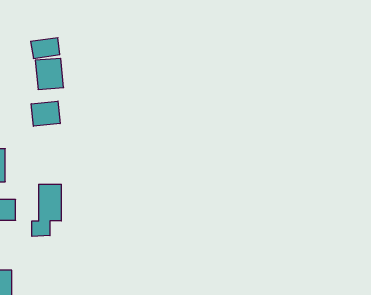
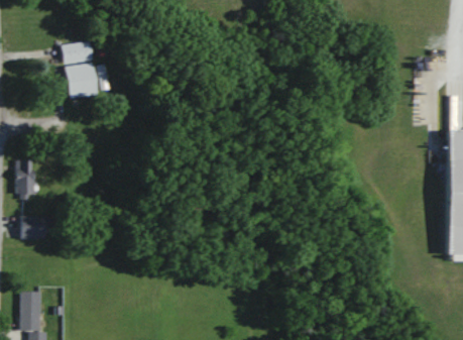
building: [31,101,60,126] -> none
building: [32,184,61,236] -> none

